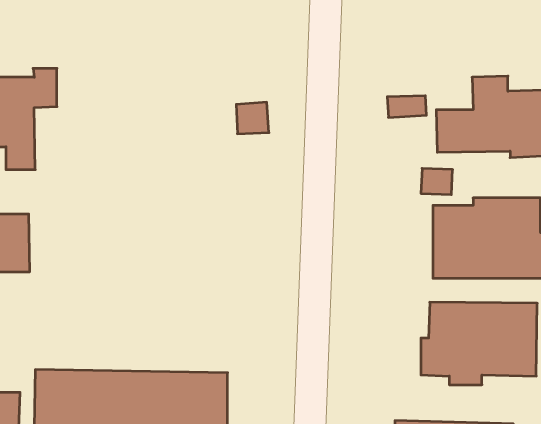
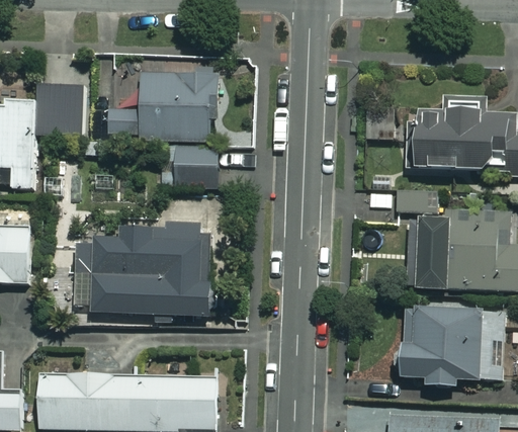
building: none -> [107,70,217,183]
building: none -> [73,224,210,318]

